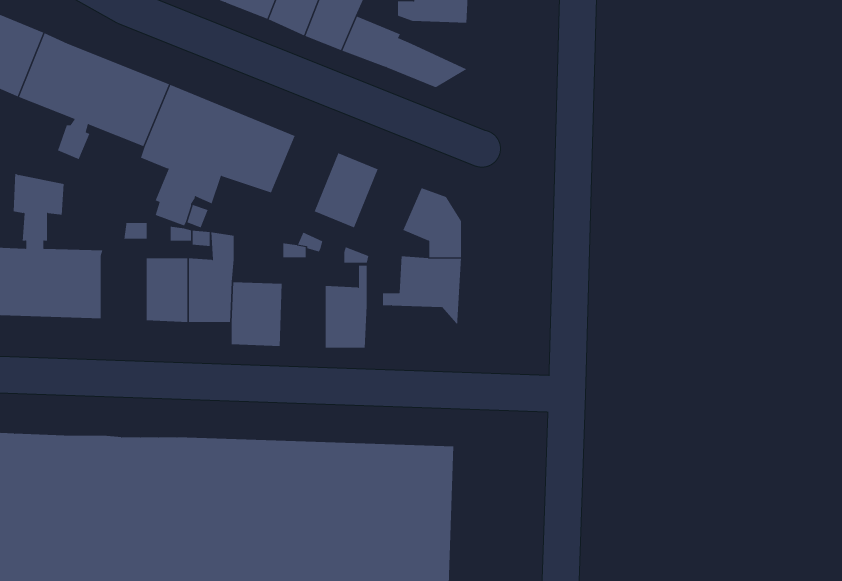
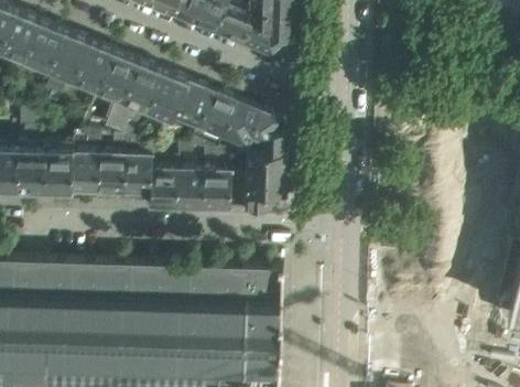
building: none -> [258,15,291,44]
building: none -> [174,84,214,129]
building: none -> [224,104,263,149]
building: none -> [73,155,99,194]
building: none -> [180,172,206,211]
building: none -> [246,185,285,212]

